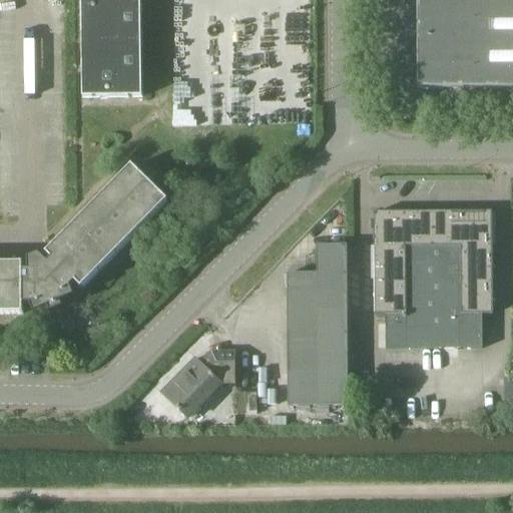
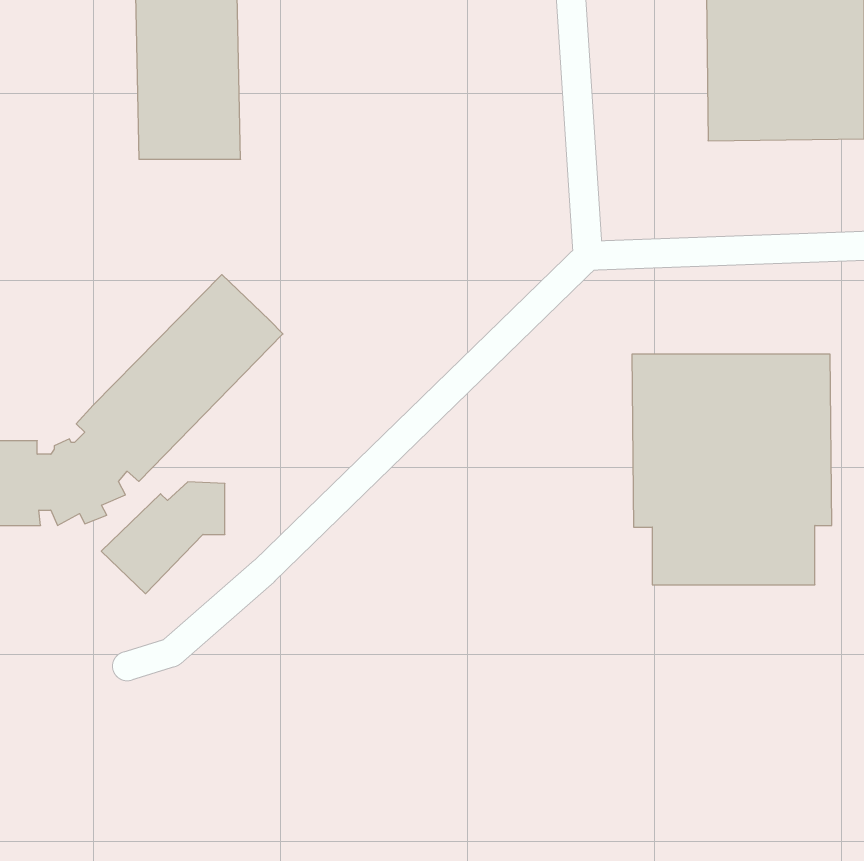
building: [287,242,348,402] -> none
building: [161,349,234,415] -> [101,482,225,594]

